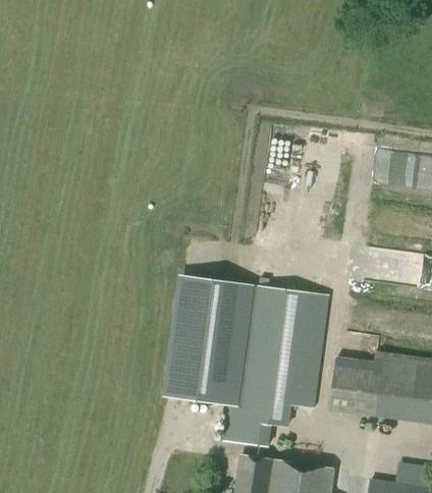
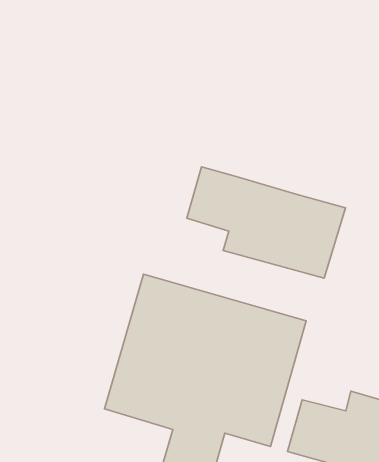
building: none -> [187,167,346,278]

